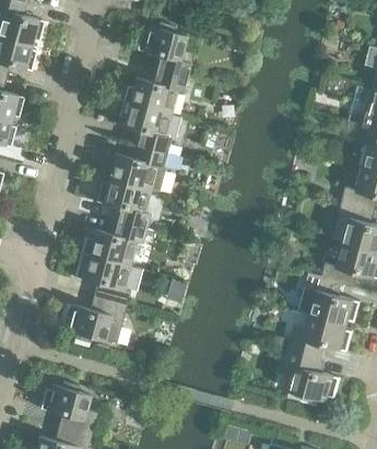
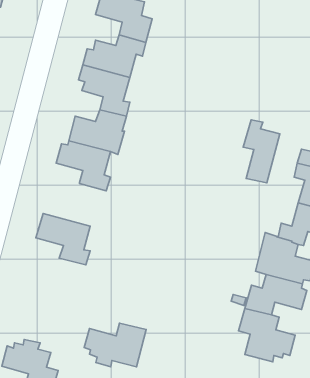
building: none -> [243,120,280,183]
building: [82,221,146,267] -> none
building: [62,299,126,344] -> [84,323,146,367]

